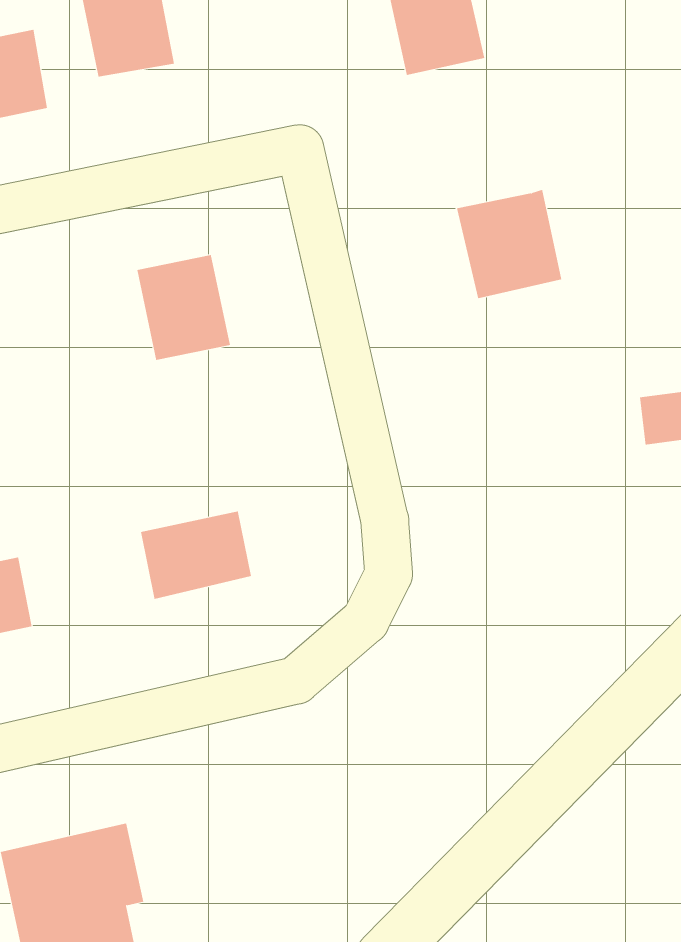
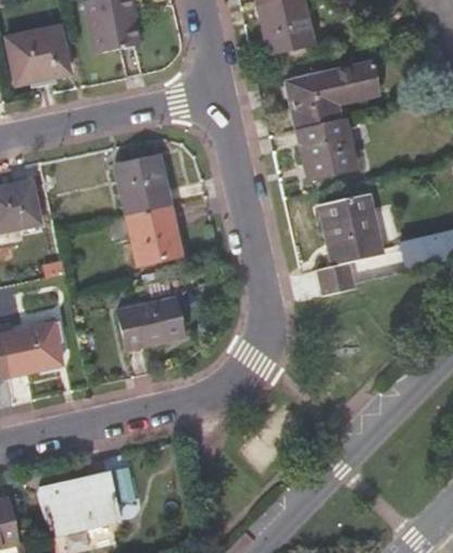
building: none -> [288,61,382,128]
building: none -> [318,192,385,289]
building: none -> [128,205,180,263]

